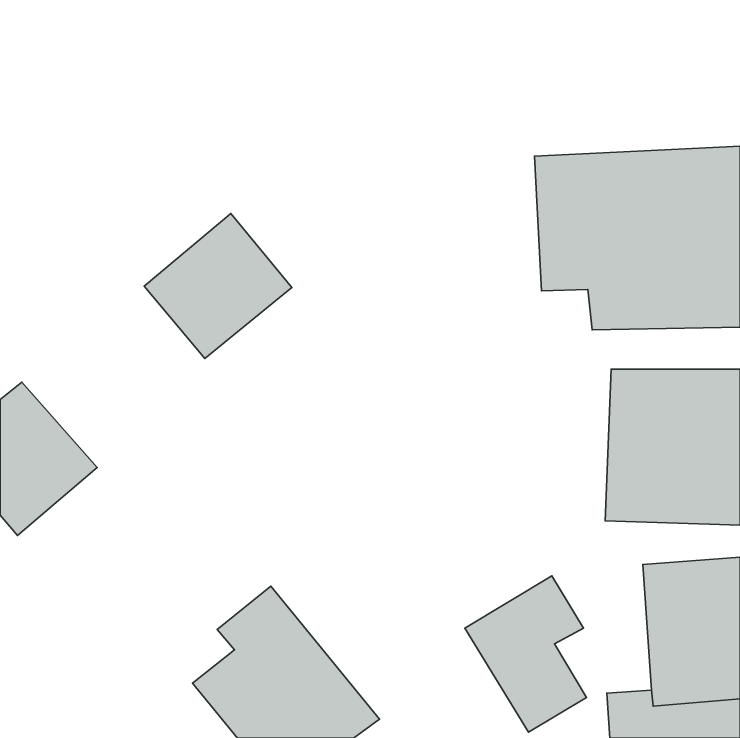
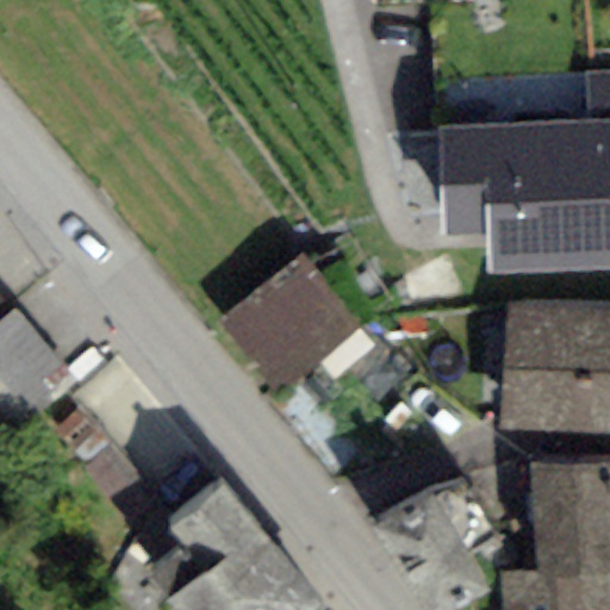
building: [144,214,292,358] -> [229,260,350,379]

